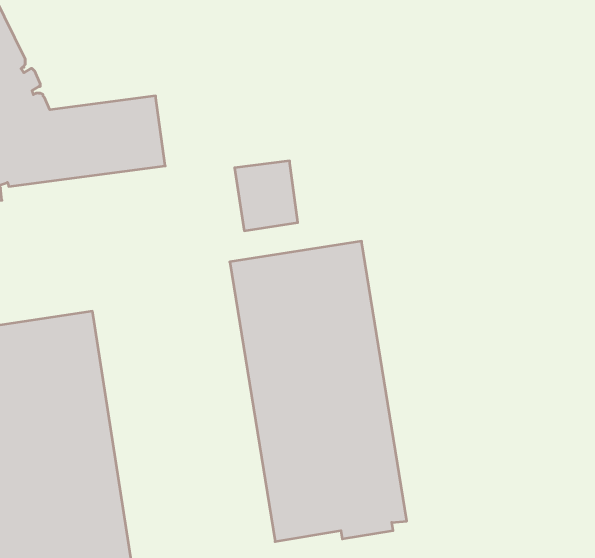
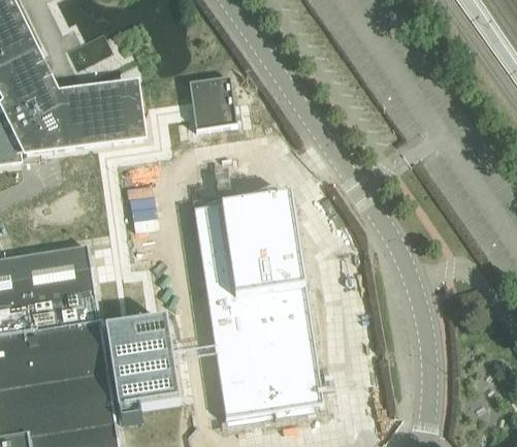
building: [235,161,298,231] -> [189,76,236,129]
building: none -> [106,319,181,410]

